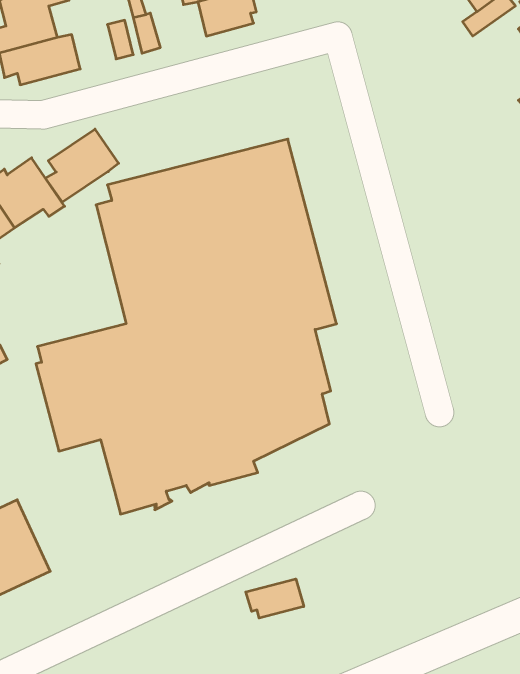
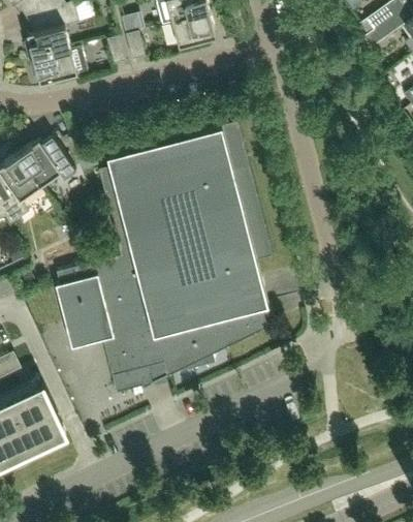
building: [45,129,119,202] -> none
building: [246,579,304,618] -> none

